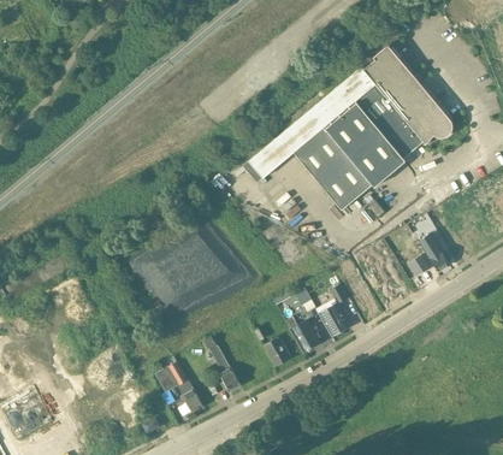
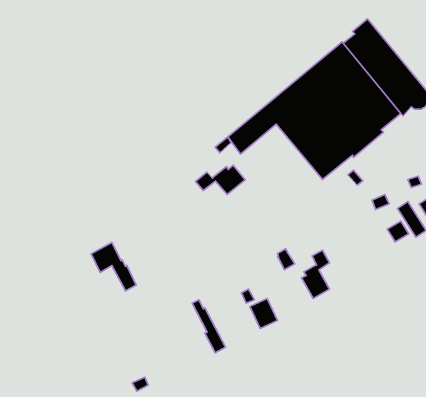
building: none -> [196,165,245,195]
building: [285,317,320,351] -> none
building: [155,361,202,412] -> [91,242,136,291]

